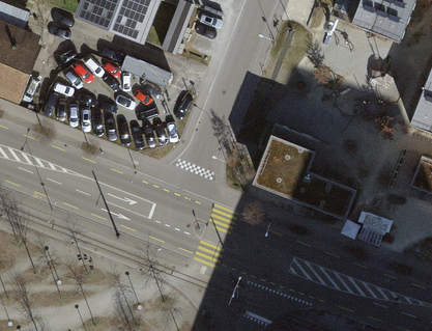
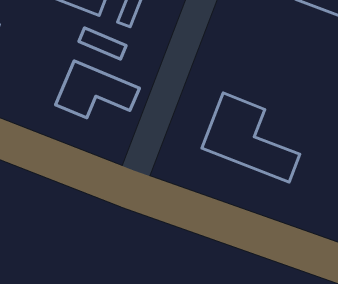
building: none -> [56,61,140,118]

